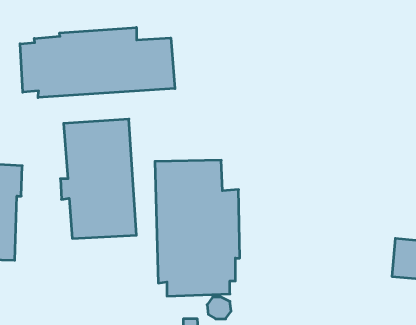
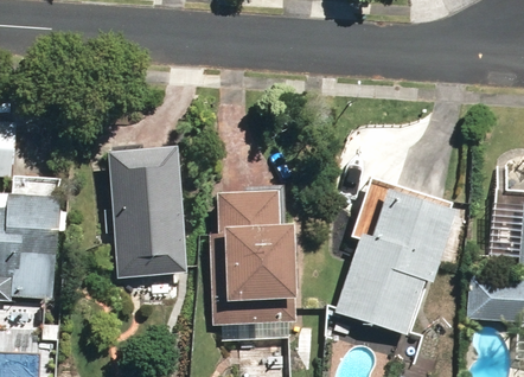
building: [20,27,175,98] -> none
building: none -> [334,179,460,336]

